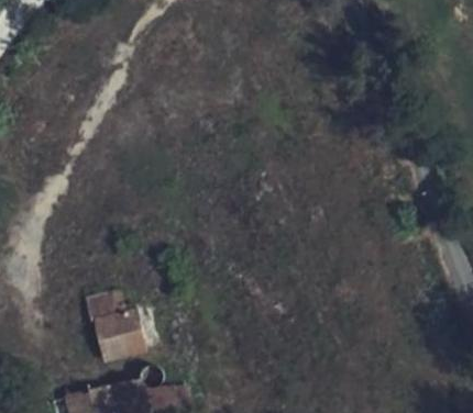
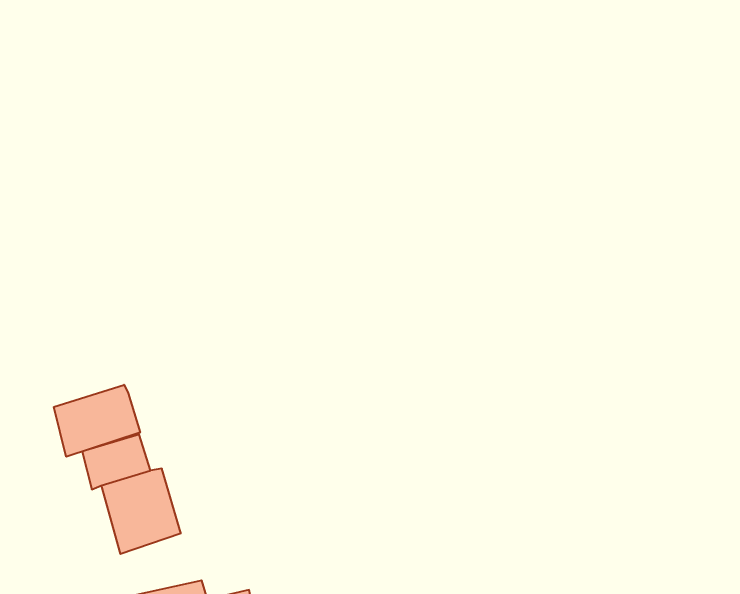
building: none -> [54,385,140,457]

